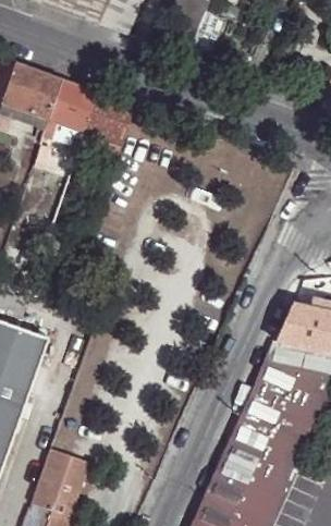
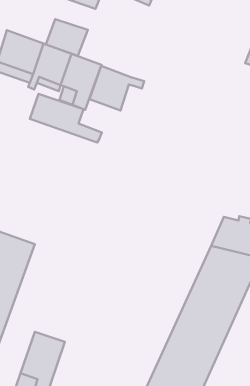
building: none -> [46,19,88,56]
building: none -> [89,66,144,110]
building: none -> [30,94,102,143]

